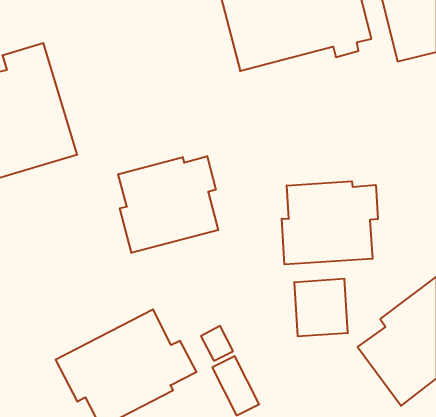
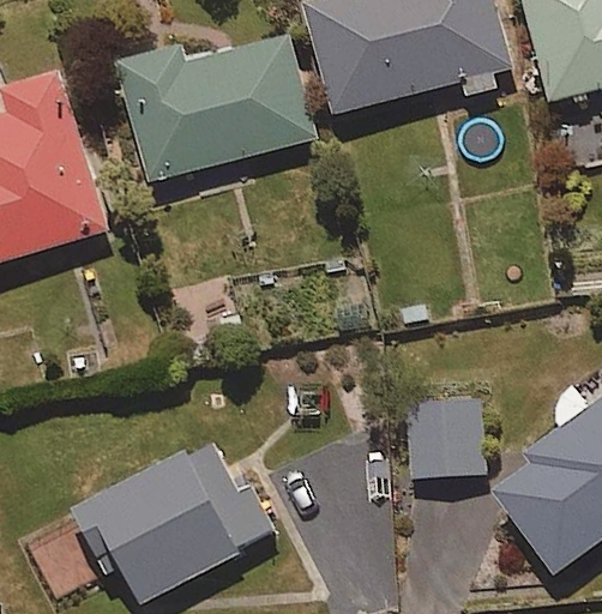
building: none -> [116,35,315,179]
building: [118,156,218,253] -> none
building: [282,181,378,264] -> none

